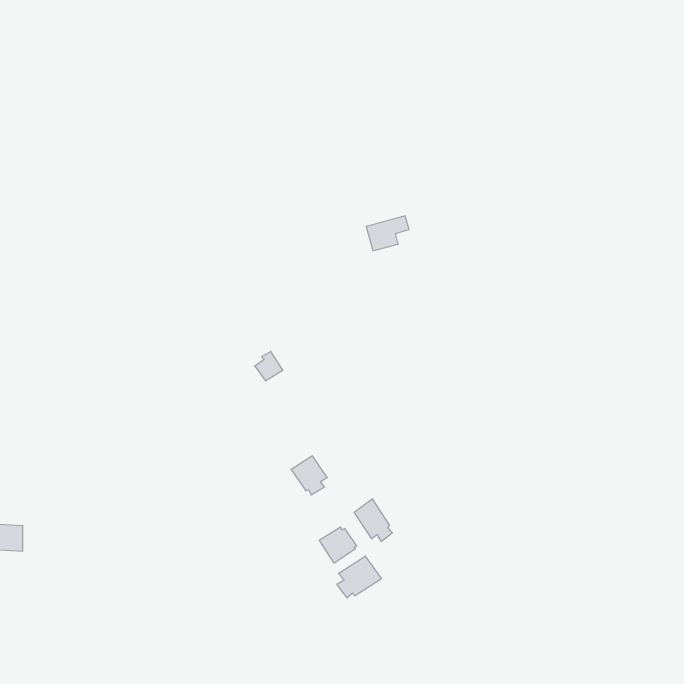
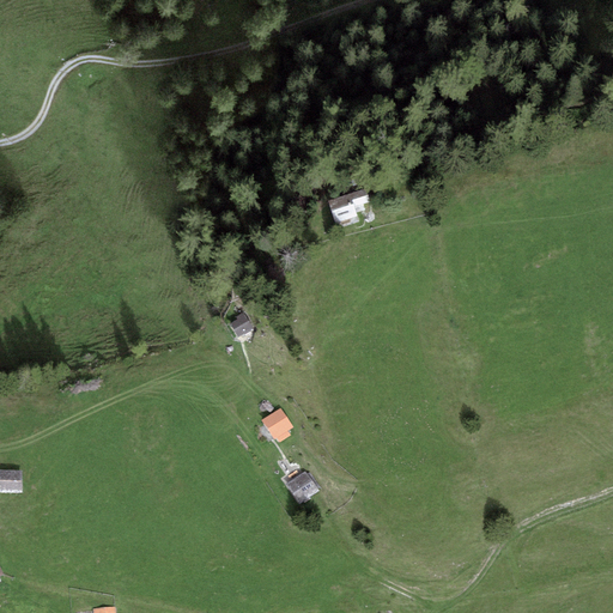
building: [354,499,392,542] -> none
building: [337,556,381,598] -> none

